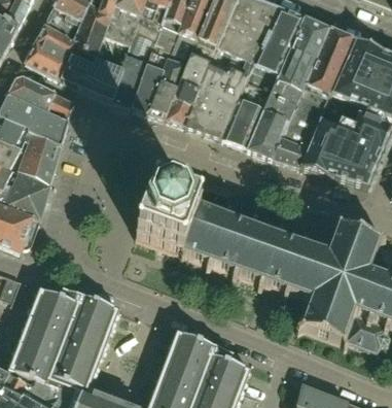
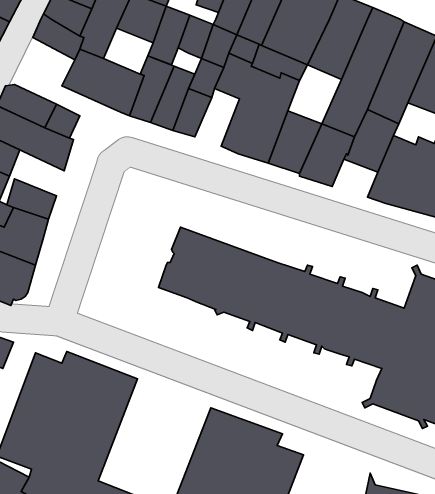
building: [25,39,70,77] -> none
building: [238,61,280,107] -> none
building: [165,79,200,125] -> none
building: [23,129,62,164] -> none
building: [273,135,309,165] -> none
building: [153,161,240,216] -> none

